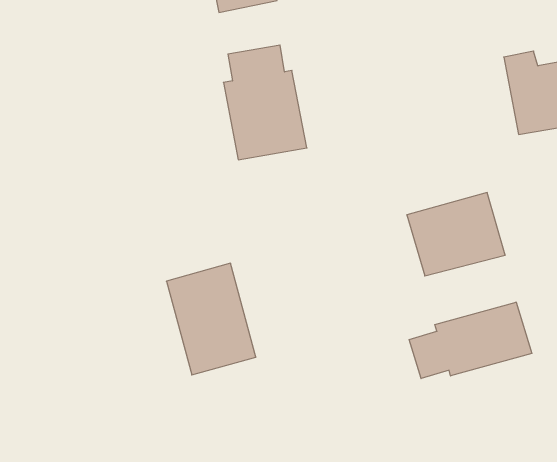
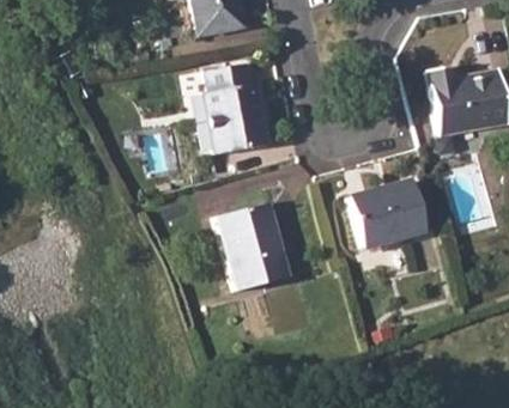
building: [166,263,256,375] -> [217,202,289,292]
building: [409,302,532,379] -> none

